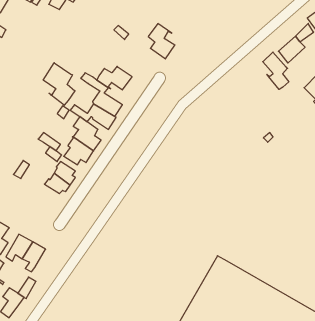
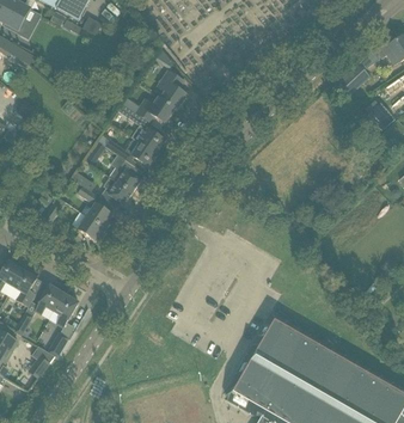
building: [148,24,175,59] -> [158,70,188,110]
building: [263,52,289,89] -> none
building: [43,63,75,105] -> none

